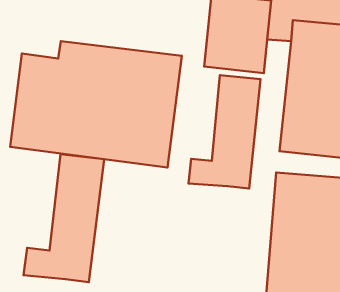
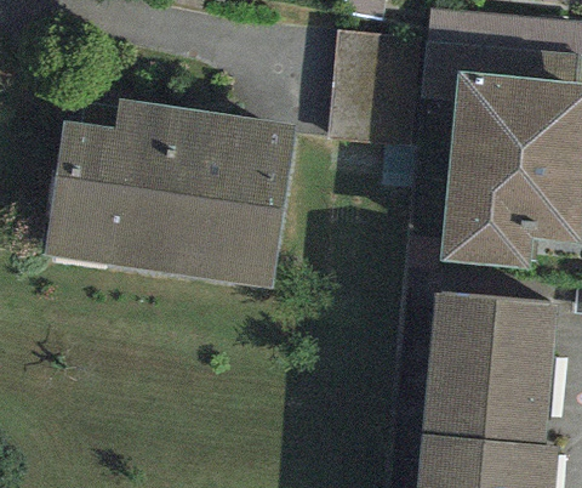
building: [188,75,260,188] -> none
building: [23,154,104,282] -> none

